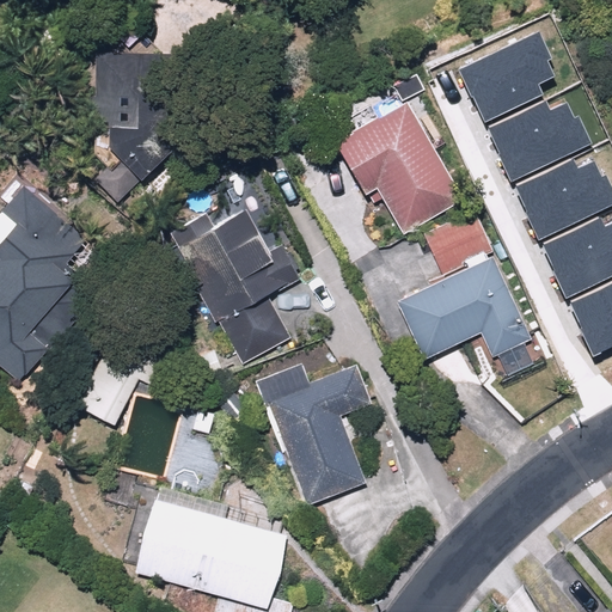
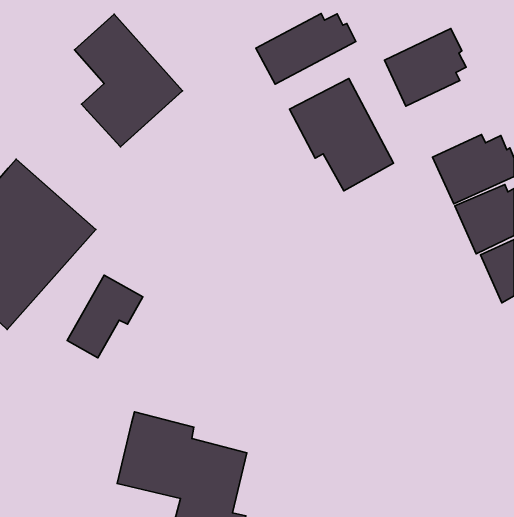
building: none -> [256,14,356,84]
building: [479,105,583,186] -> none
building: [167,204,301,365] -> none
building: [398,212,530,360] -> none
building: [262,363,373,507] -> none

